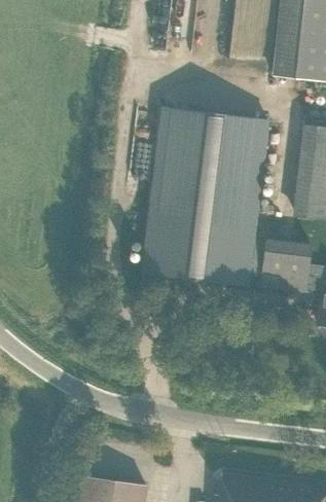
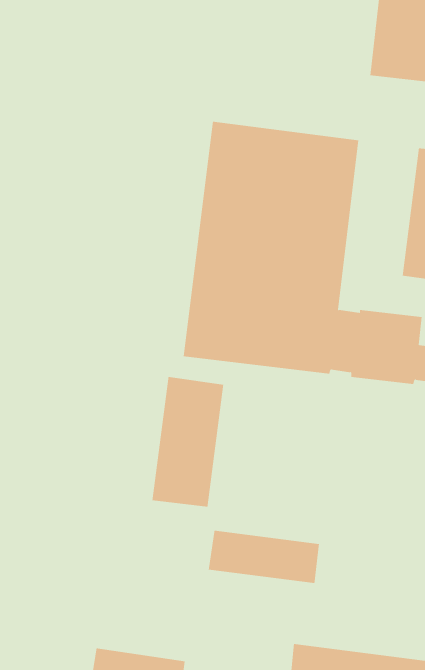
building: none -> [152,376,224,507]
building: none -> [208,530,320,584]

